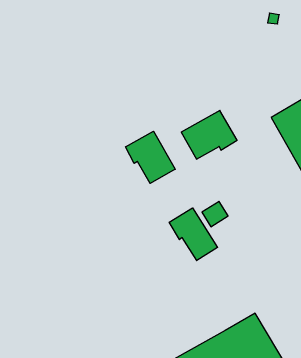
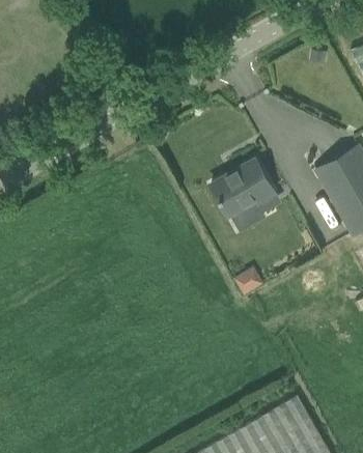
building: [126,131,175,183] -> none
building: [169,208,218,261] -> none

